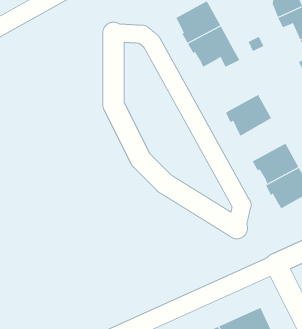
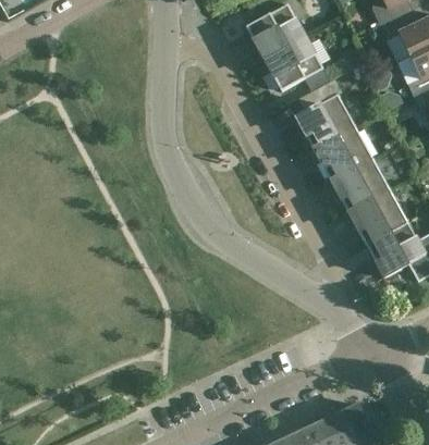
building: none -> [292,77,354,148]
building: none -> [328,157,390,212]

